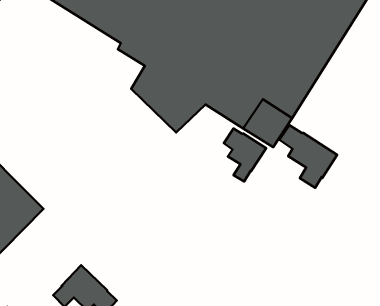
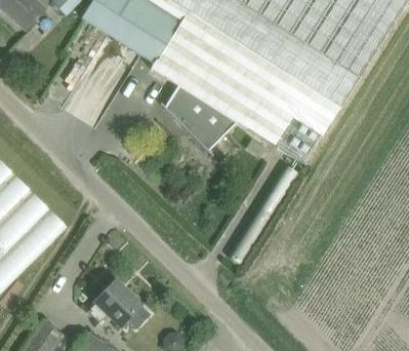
building: [279,125,337,188] -> none
building: [224,128,266,181] -> none

